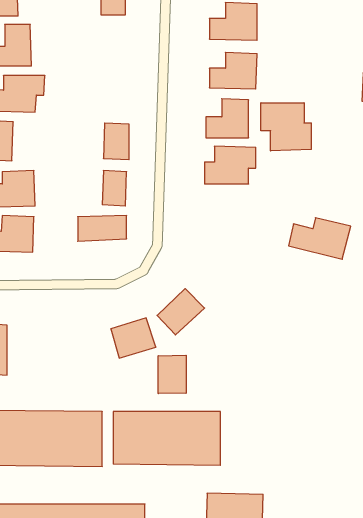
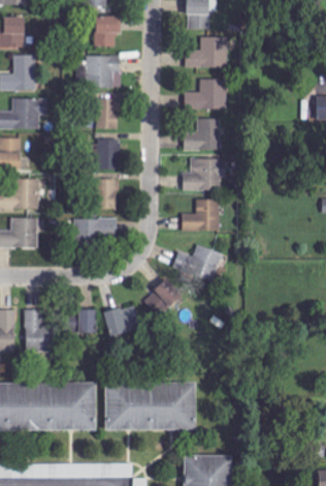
building: none -> [86,56,119,88]
building: none -> [95,99,117,129]
building: [261,103,311,151] -> none
building: none -> [182,200,219,232]
building: [289,218,351,259] -> [172,246,225,281]
building: none -> [24,310,55,352]
building: none -> [77,310,94,334]
building: [158,355,186,394] -> none

